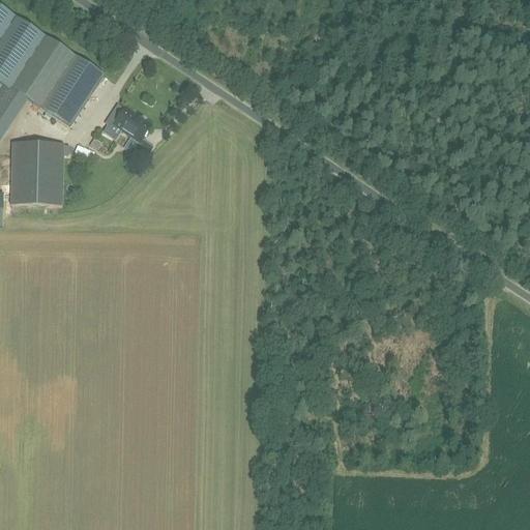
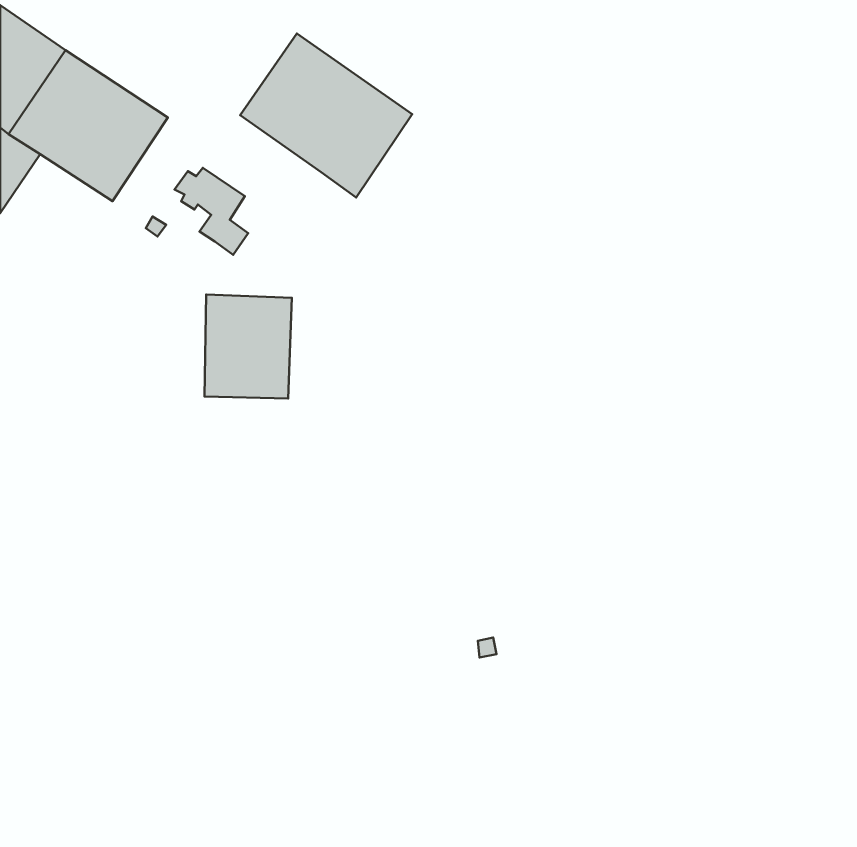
building: none -> [240,34,412,198]
building: [10,139,64,203] -> [204,294,292,398]

